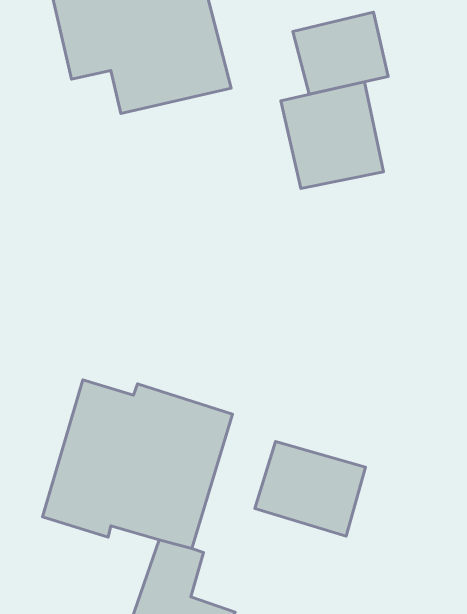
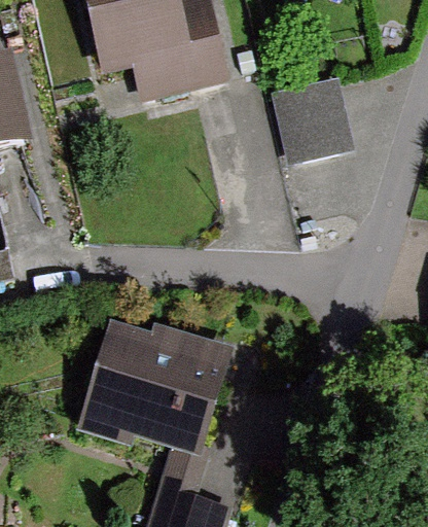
building: [293,12,388,94] -> none
building: [255,442,366,536] -> none

